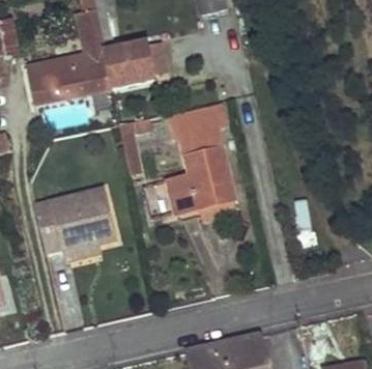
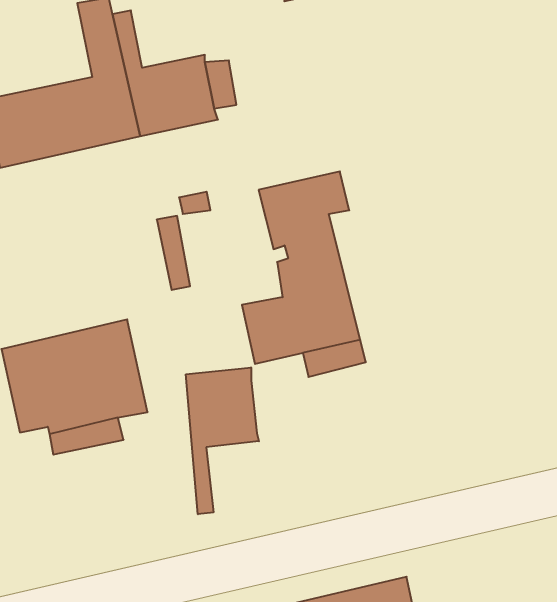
building: none -> [186,367,259,514]

